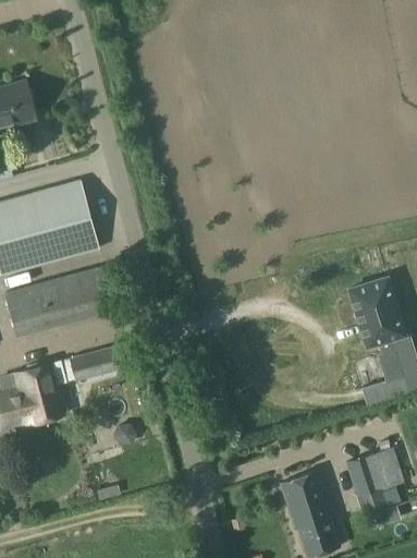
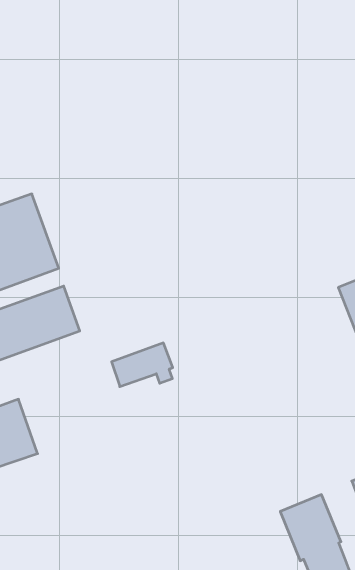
building: [69,345,123,381] -> [112,343,173,387]

